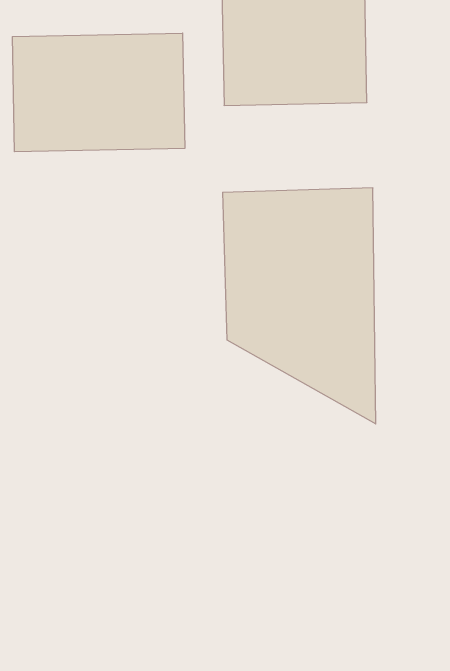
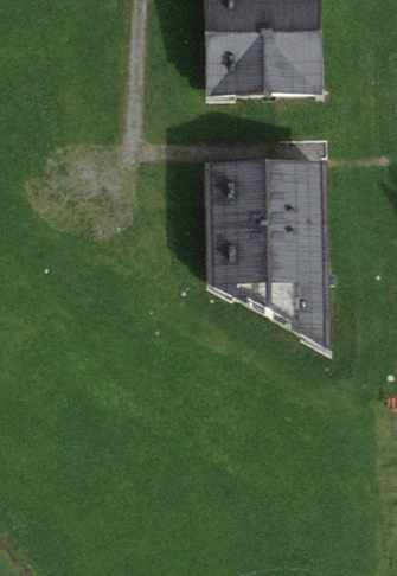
building: [12,33,185,152] -> none

